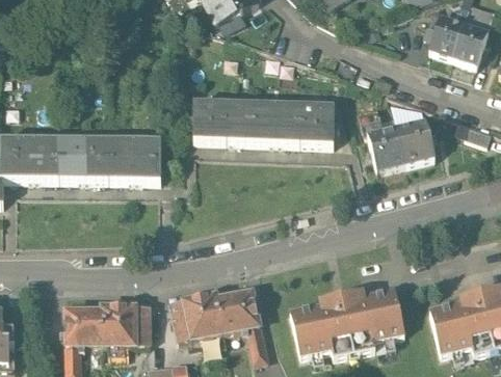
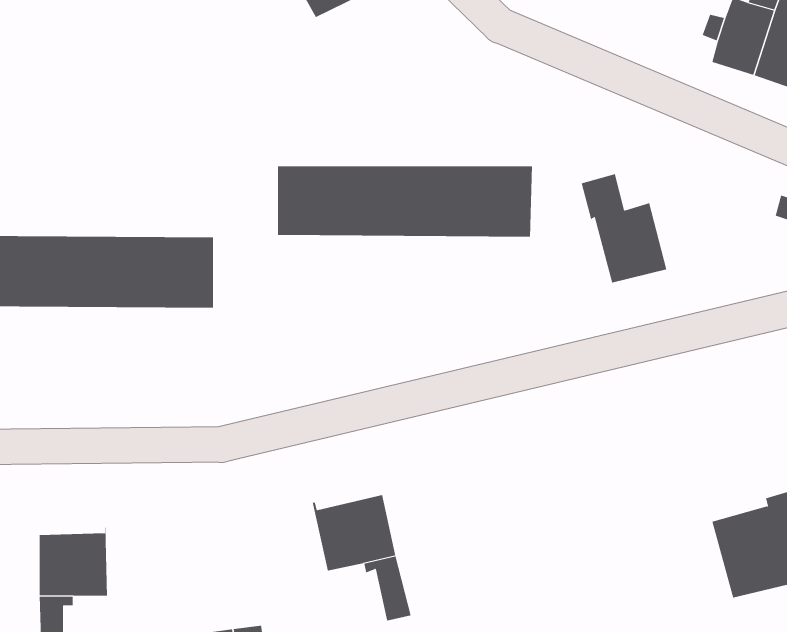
building: [396,120,434,164] -> none
building: [290,280,404,348] -> none
building: [169,290,221,336] -> none
building: [102,302,150,341] -> none

